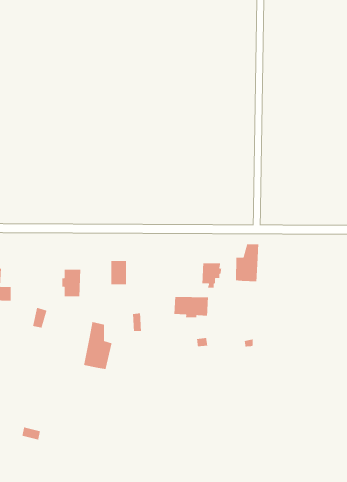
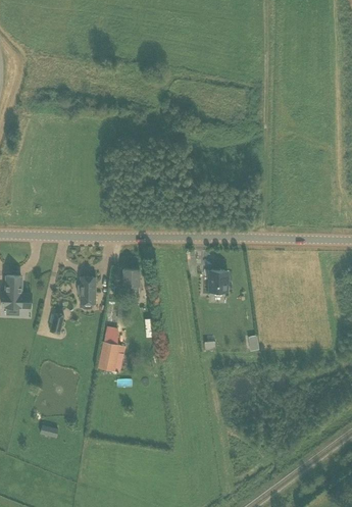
building: [235,243,259,282] -> none
building: [174,296,209,318] -> none

